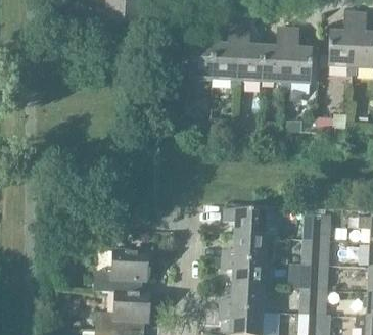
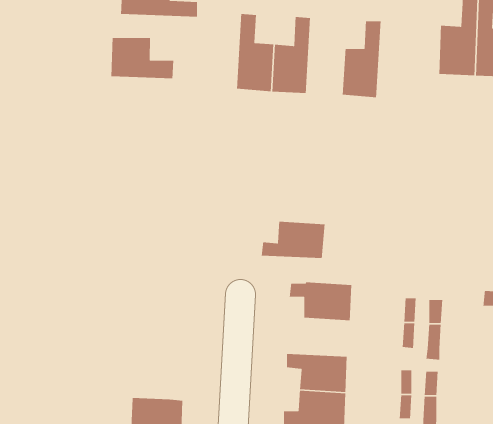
building: [235,25,262,79] -> none
building: [284,27,311,82] -> none
building: none -> [110,37,174,79]
building: [221,234,266,260] -> [261,221,326,259]
building: [92,247,147,290] -> none

